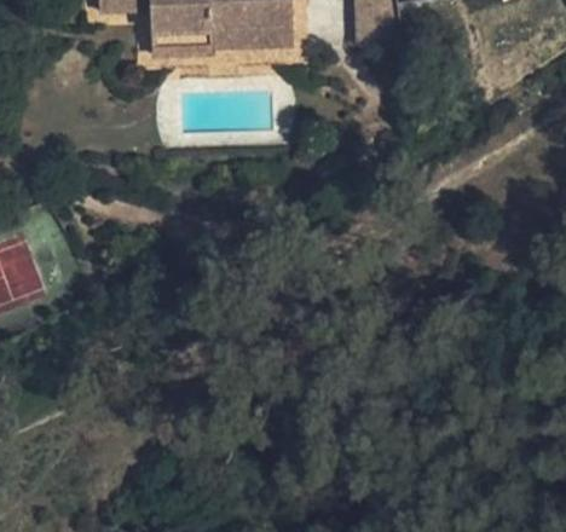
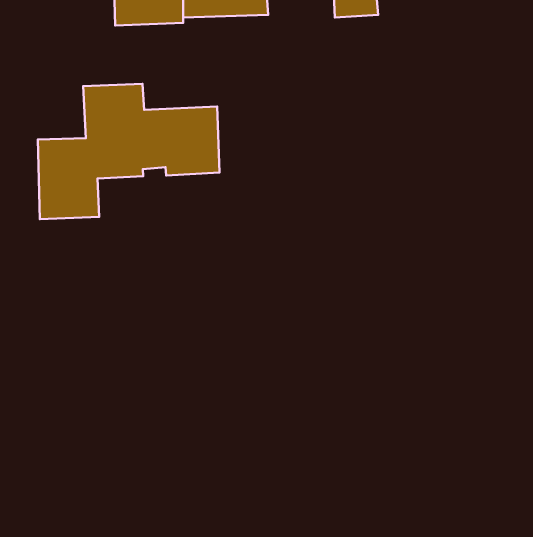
building: none -> [38,84,220,219]

